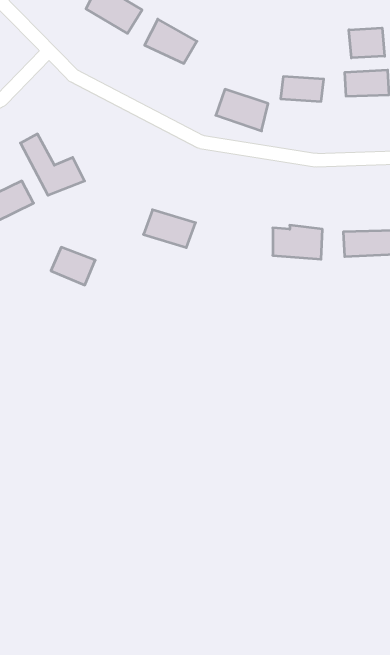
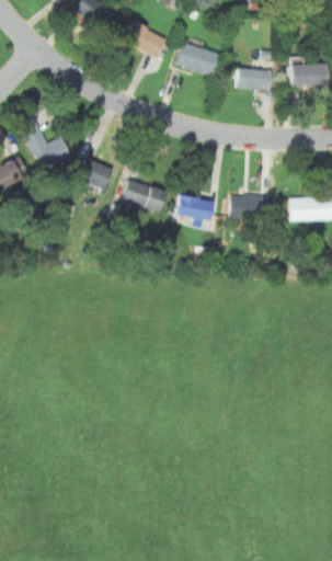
building: [349,28,385,58] -> none
building: [216,89,268,131] -> [175,42,219,77]
building: none -> [176,196,213,229]
building: [51,247,95,285] -> [77,159,114,191]

